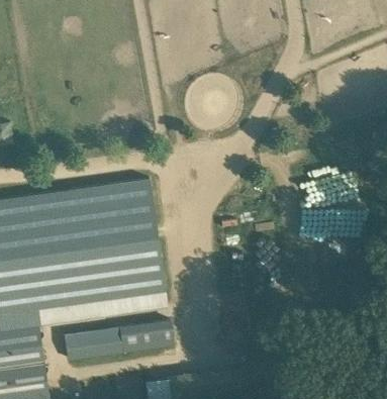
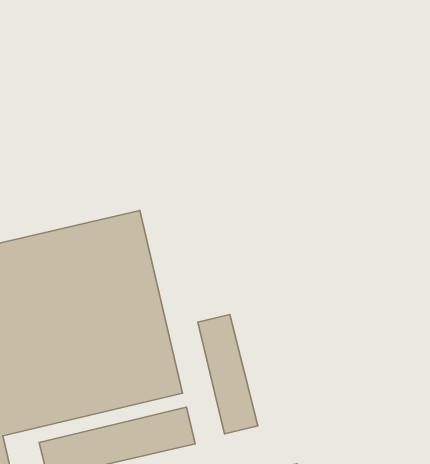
building: none -> [198,315,258,434]

